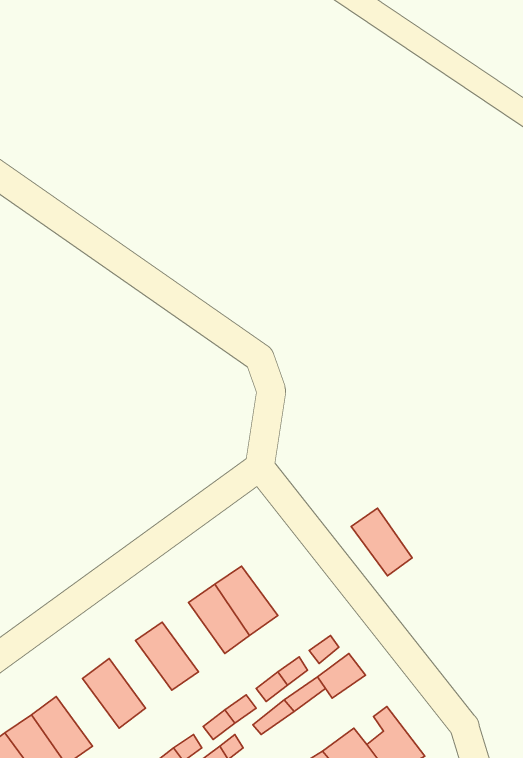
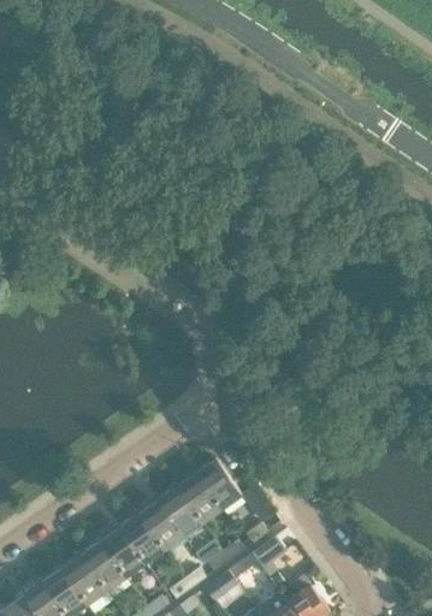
building: [351,508,412,576] -> [194,461,238,510]
building: none -> [136,500,182,551]
building: none -> [97,528,143,578]
building: none -> [59,556,105,605]

